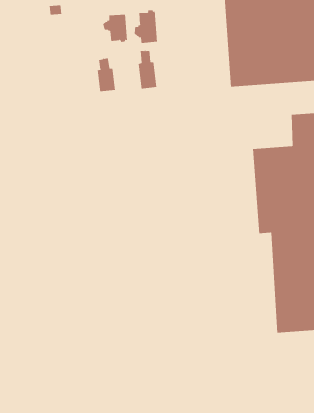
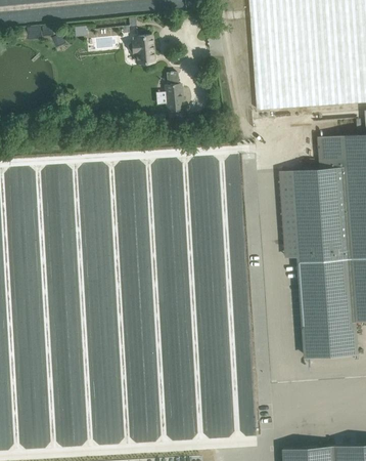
building: [134,10,158,44] -> none
building: [97,57,116,92] -> none

